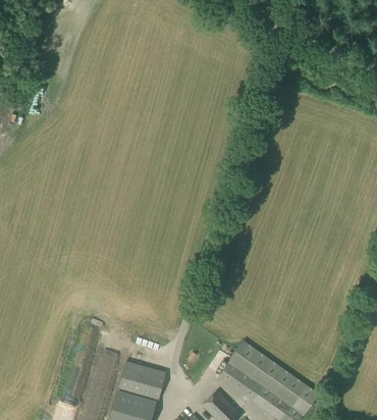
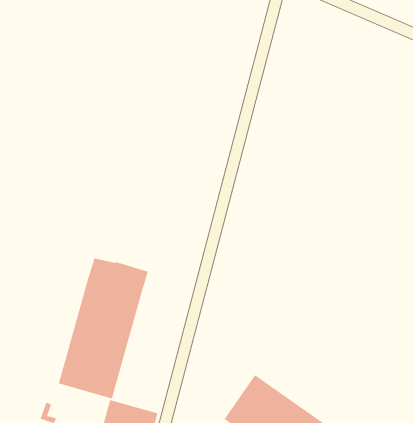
building: none -> [58,257,149,400]

